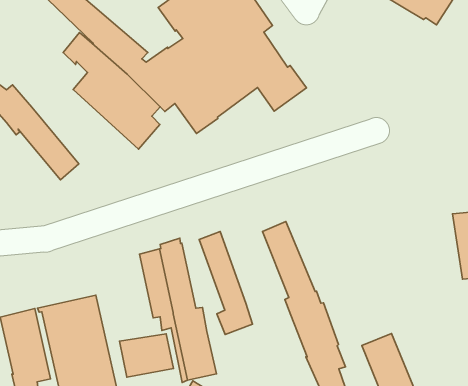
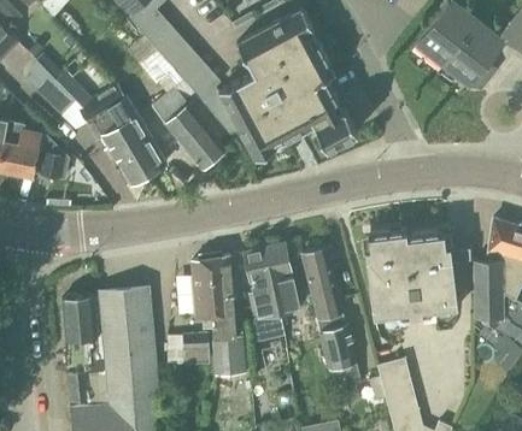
building: none -> [99,87,165,173]
building: none -> [362,226,473,319]
building: none -> [265,244,301,315]

